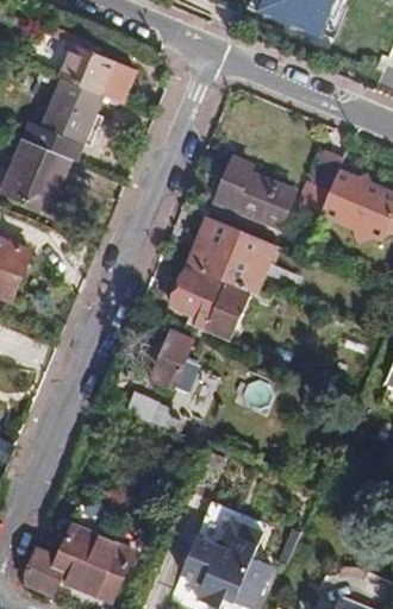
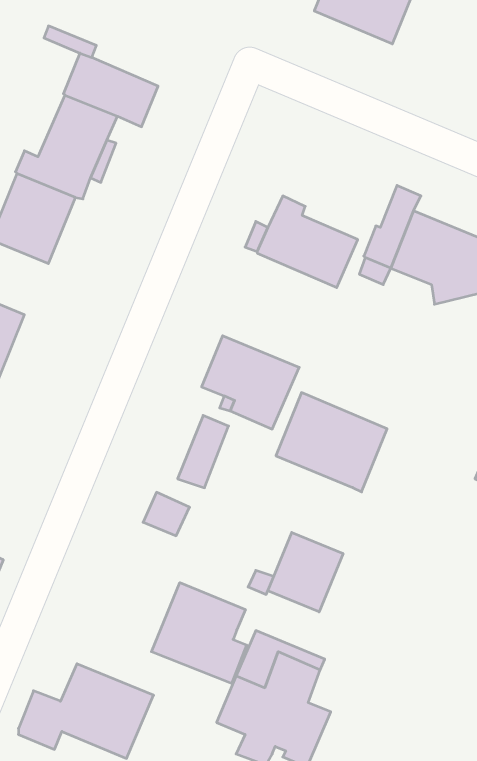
building: [187,218,275,296] -> [276,393,387,492]
building: none -> [268,532,343,612]
building: none -> [151,583,247,683]

